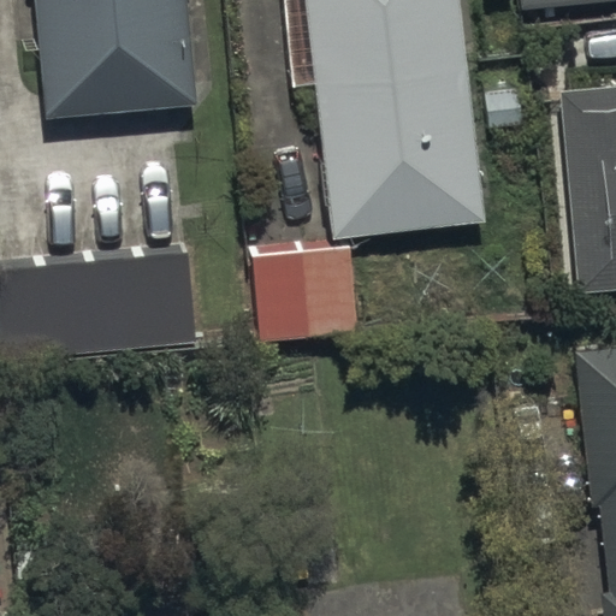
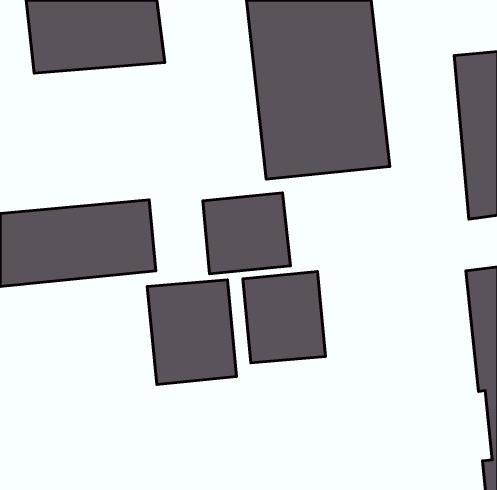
building: none -> [243,272,326,363]
building: none -> [147,280,237,385]

